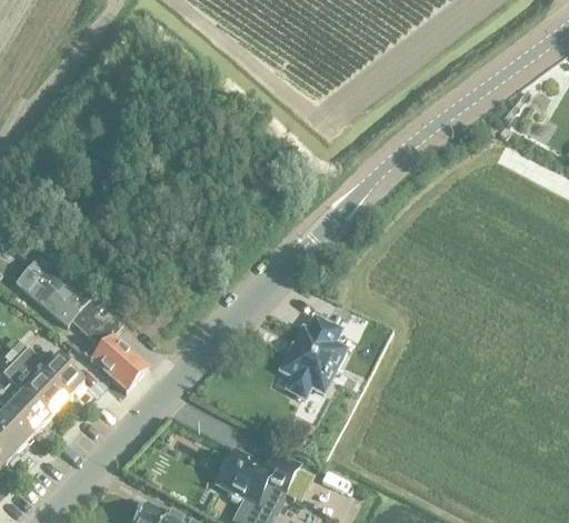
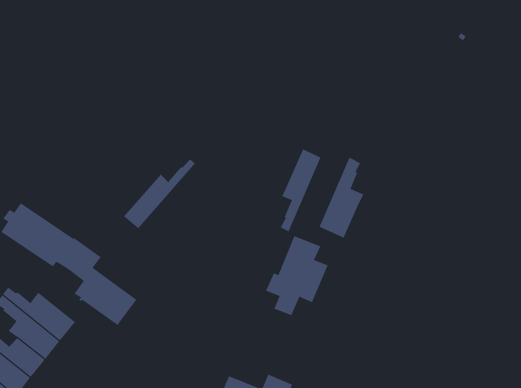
building: none -> [123,158,196,229]
building: none -> [280,149,321,232]
building: none -> [319,157,364,238]

